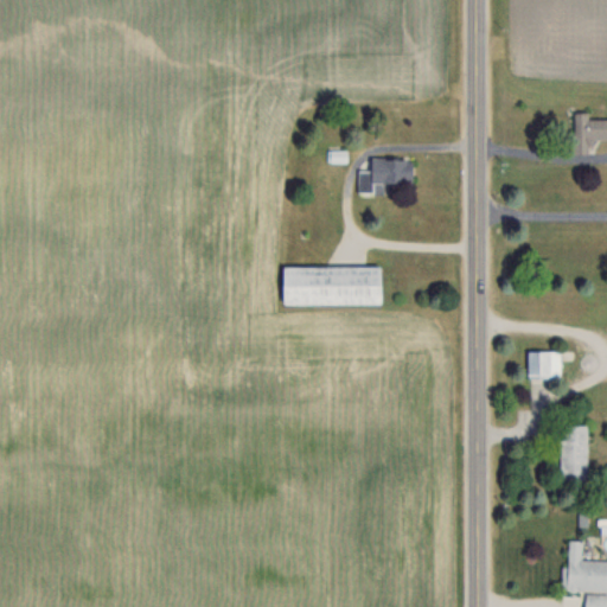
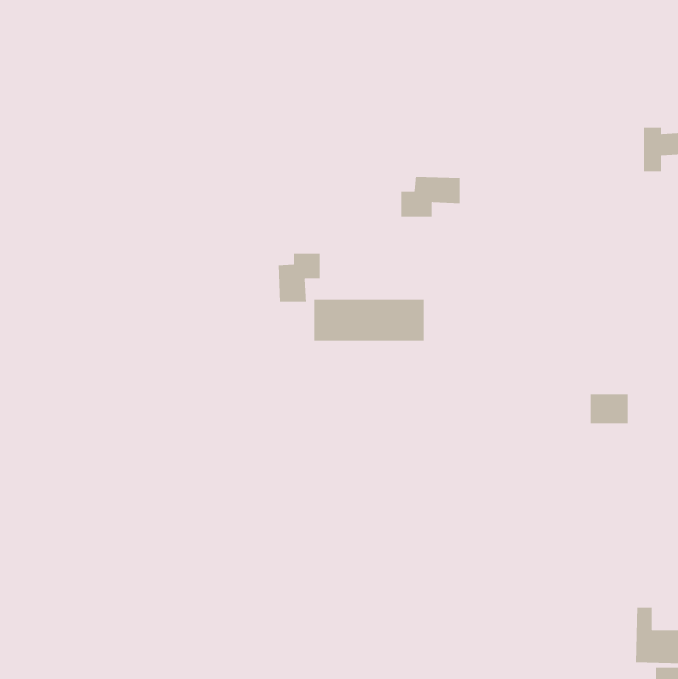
building: none -> [278,253,321,302]
building: [562,426,589,483] -> none

